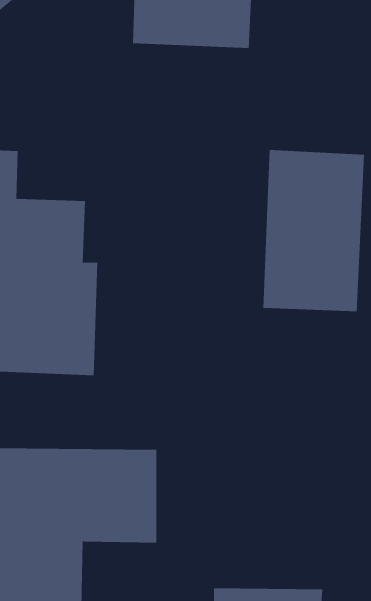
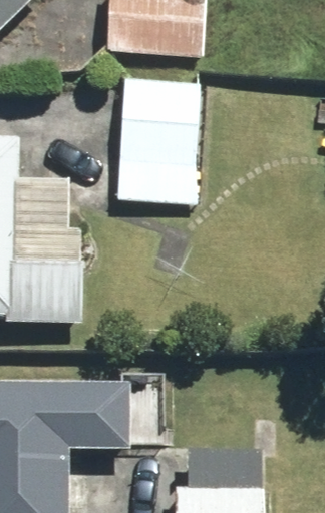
building: [262,150,365,312] -> [115,74,198,204]

